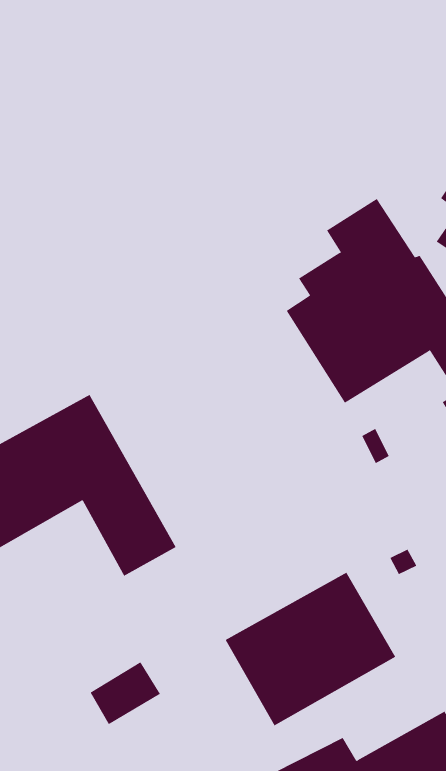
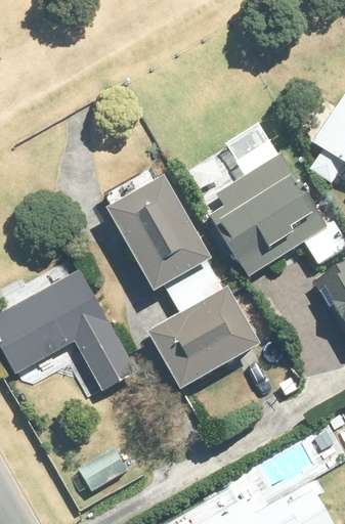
building: none -> [105,175,210,292]
building: [225,572,396,726] -> [146,289,260,391]

